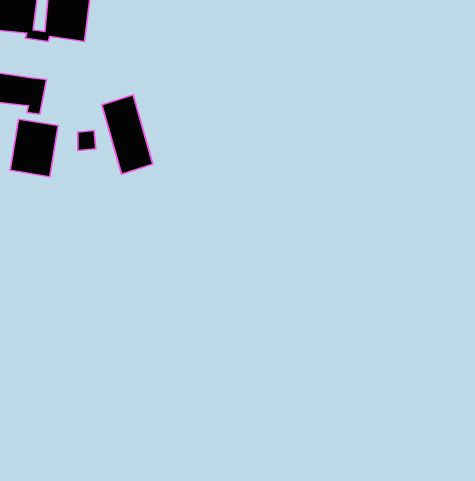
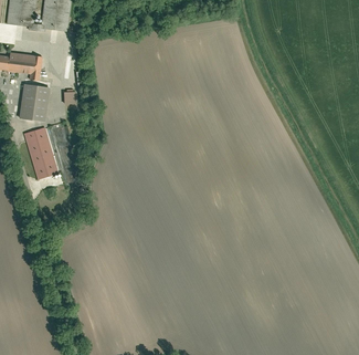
building: [102,95,153,174] -> [24,126,59,179]

